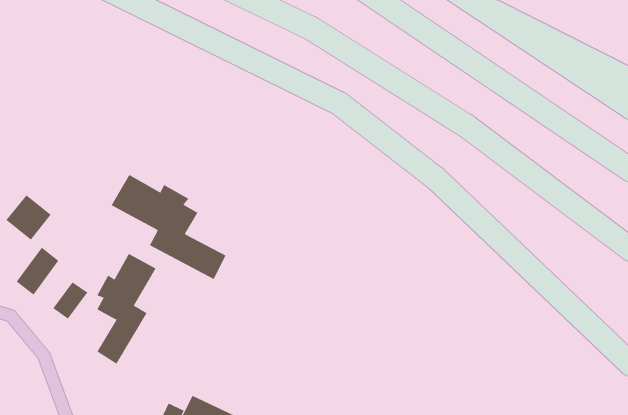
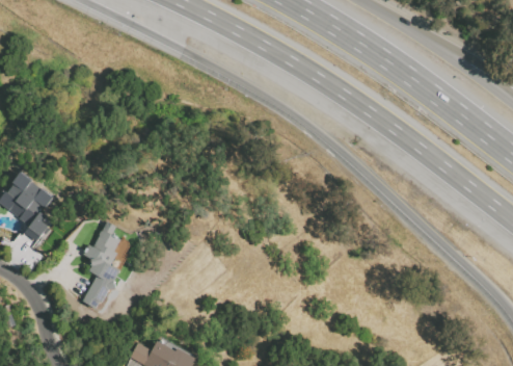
building: [111,174,226,280] -> none
building: [52,281,88,320] -> none

